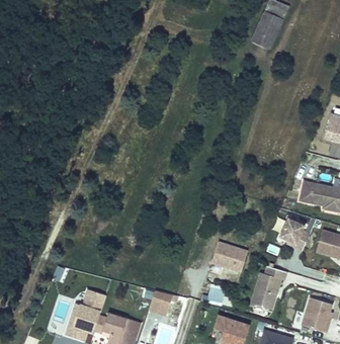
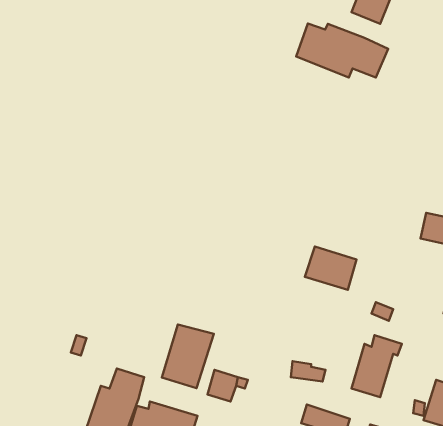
building: none -> [296,23,388,78]
building: [280,217,310,249] -> none
building: [210,243,247,273] -> [305,246,357,290]
building: none -> [162,325,214,388]

